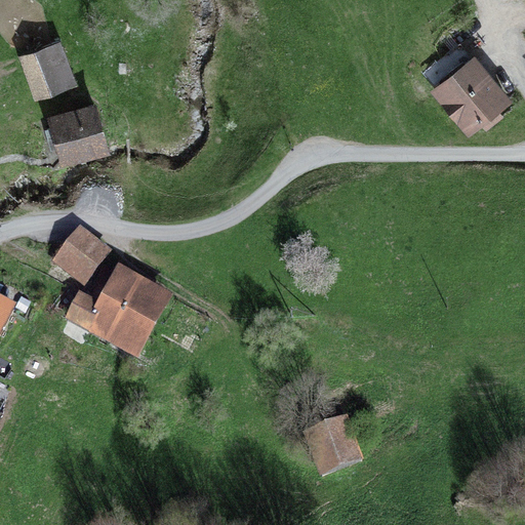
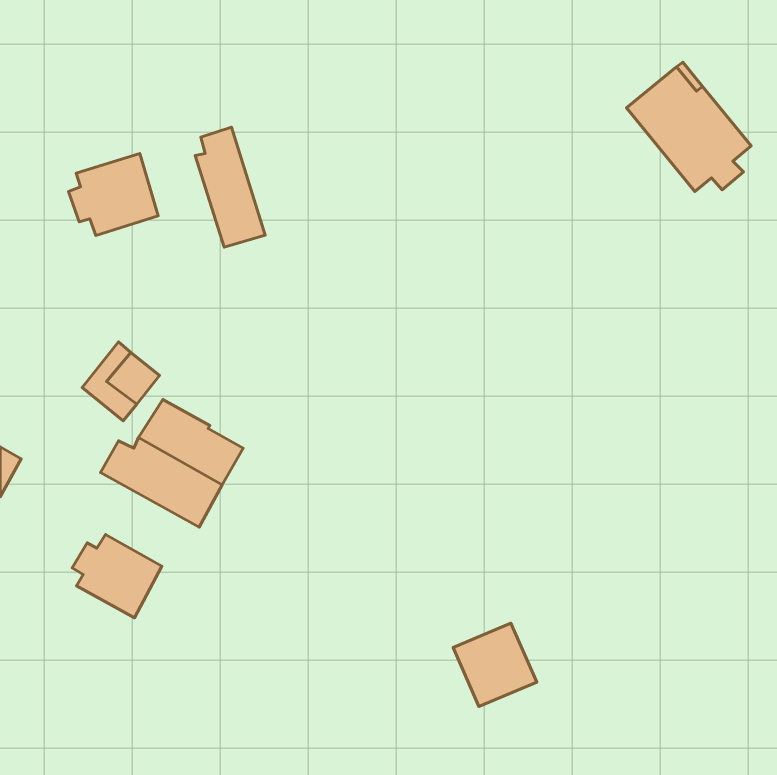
building: [21,40,76,96] -> none
building: none -> [195,127,265,247]
building: none -> [72,535,162,618]

